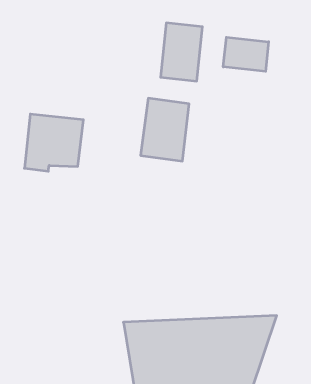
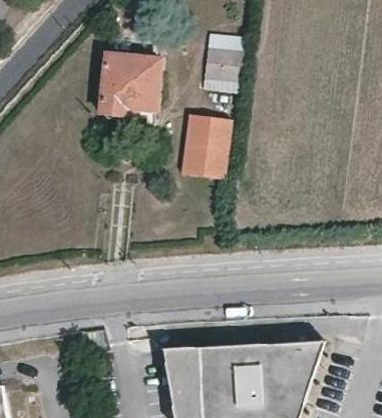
building: [223,37,269,71] -> none
building: [24,114,83,171] -> [100,54,162,114]

